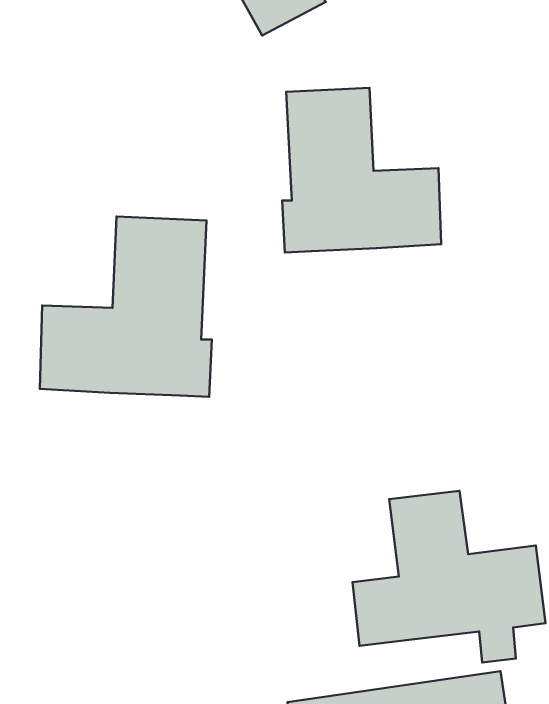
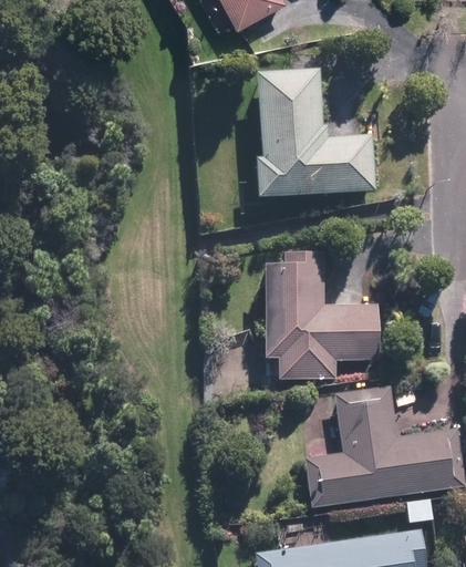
building: [40,217,212,397] -> none
building: none -> [261,252,379,381]

